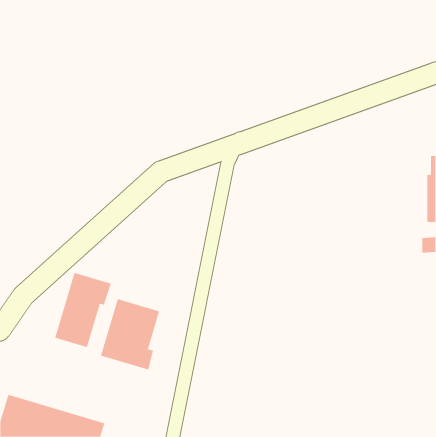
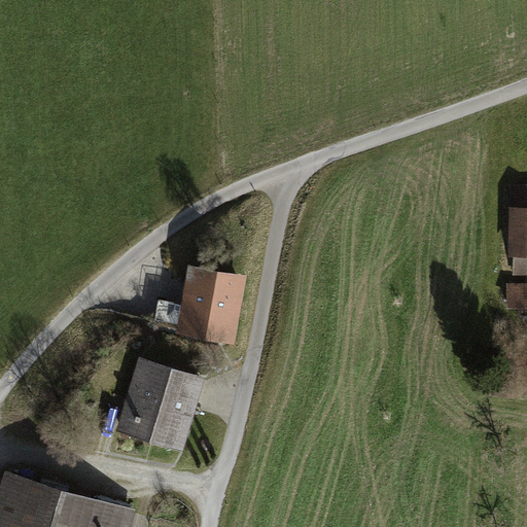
building: none -> [183,271,238,335]
building: [55,272,111,348] -> none

